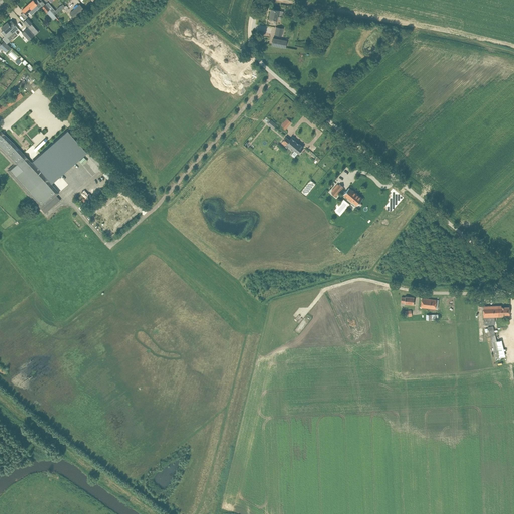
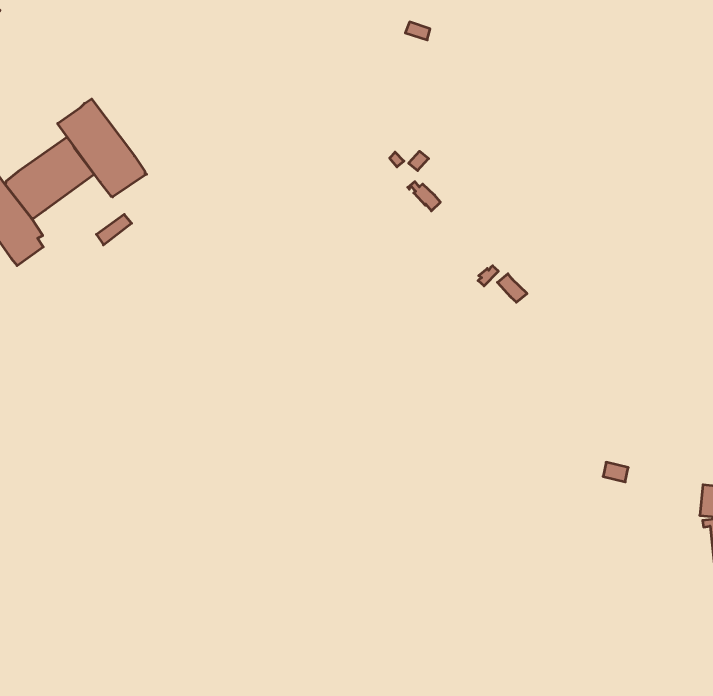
building: none -> [58,99,147,197]

